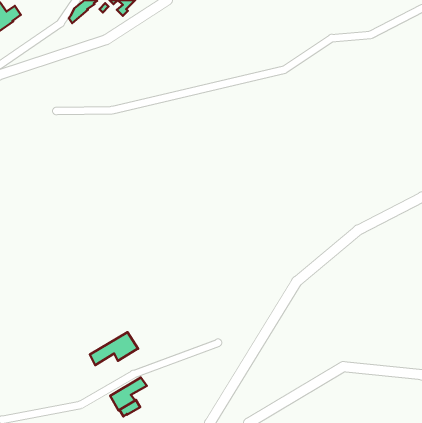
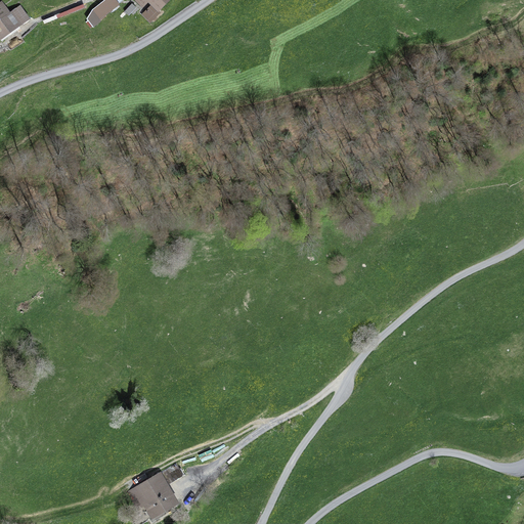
building: [90,332,138,365] -> none

